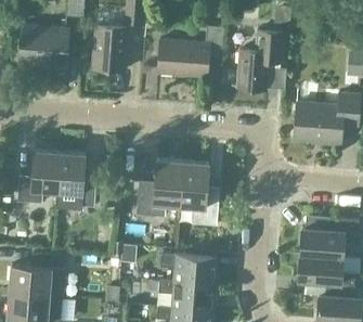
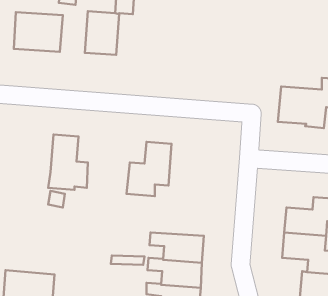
building: [157,27,223,77] -> none
building: [237,31,284,90] -> none
building: [17,151,60,204] -> none
building: [179,163,219,227] -> none
building: [10,254,64,298] -> none

